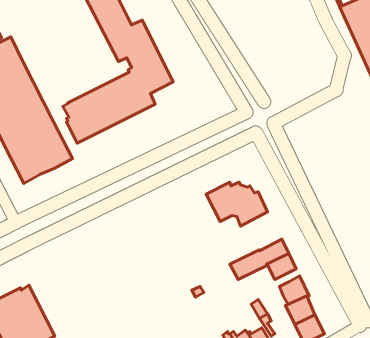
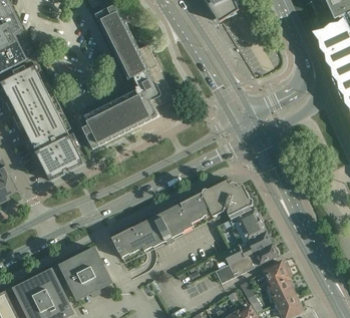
building: none -> [111,192,215,256]
building: none -> [230,207,266,241]
building: none -> [61,248,111,298]
building: none -> [215,252,260,283]

